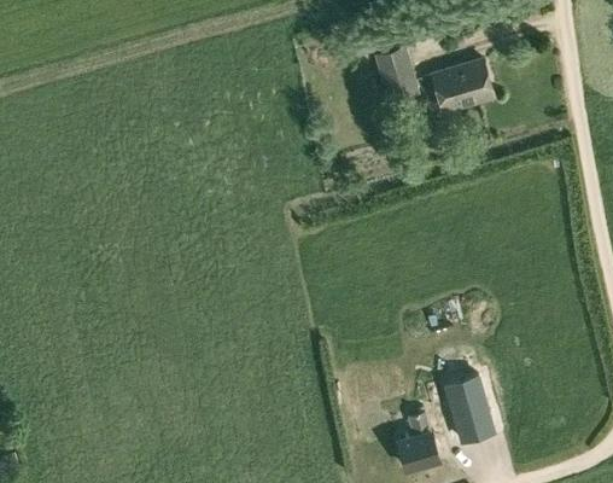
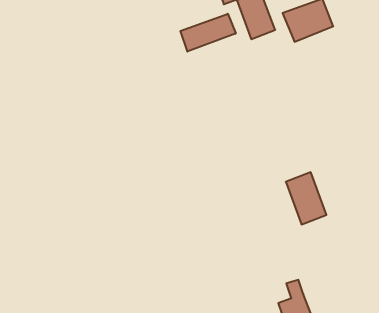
building: none -> [180,14,236,52]
building: [445,378,494,443] -> [286,172,326,224]

